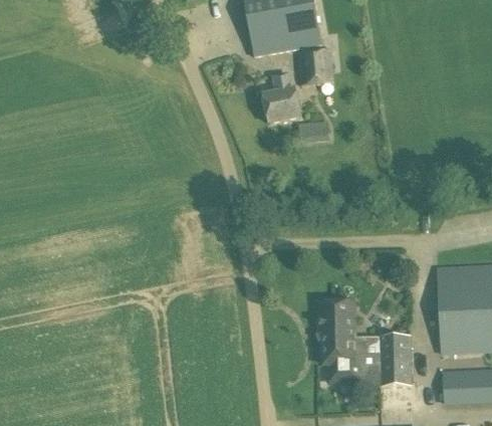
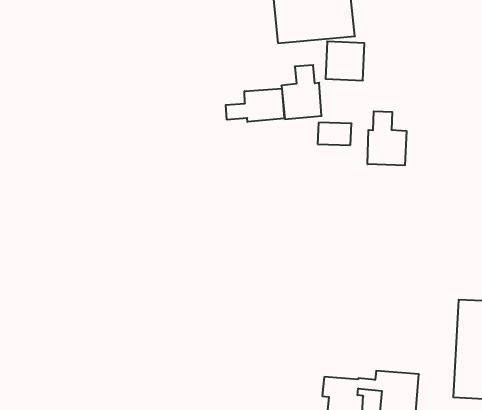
building: none -> [226,89,284,122]
building: none -> [368,111,407,165]
building: [319,302,372,348] -> none

